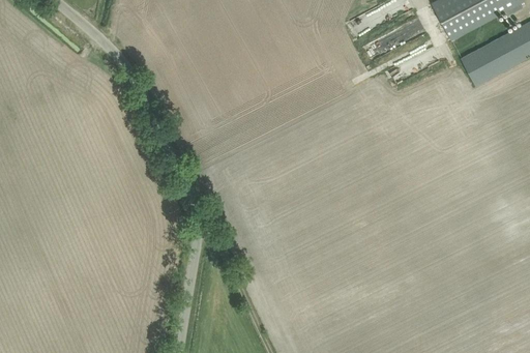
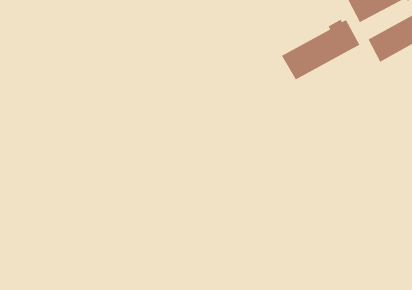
building: none -> [281,19,360,80]

